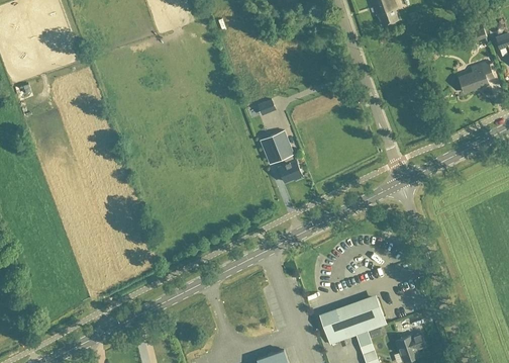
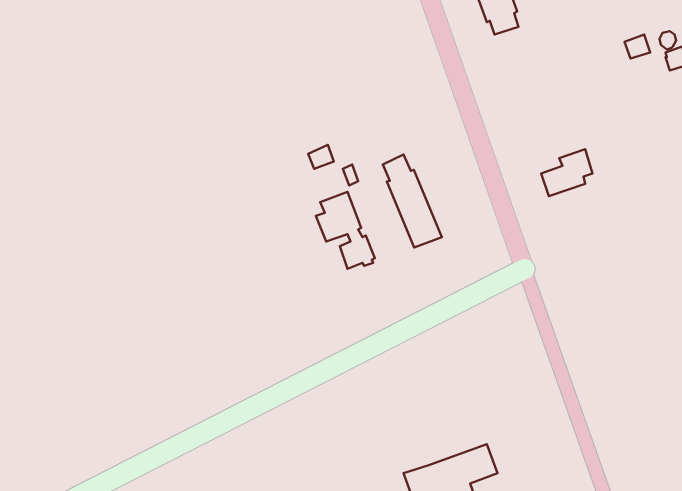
building: [459,61,493,92] -> [541,149,593,196]
building: none -> [383,154,442,247]

